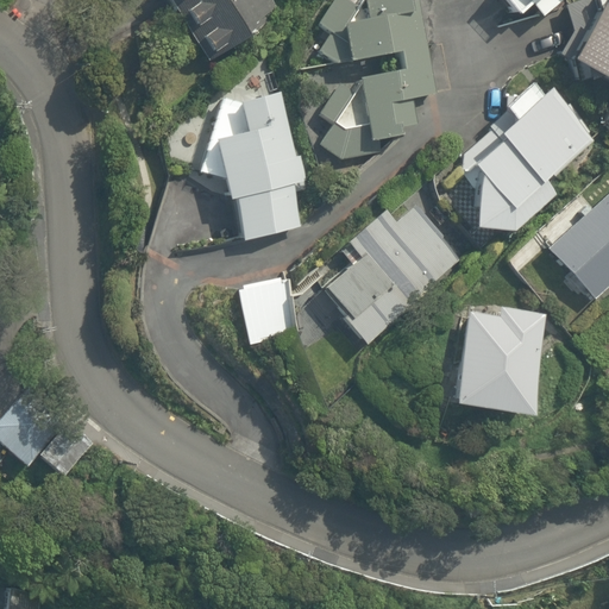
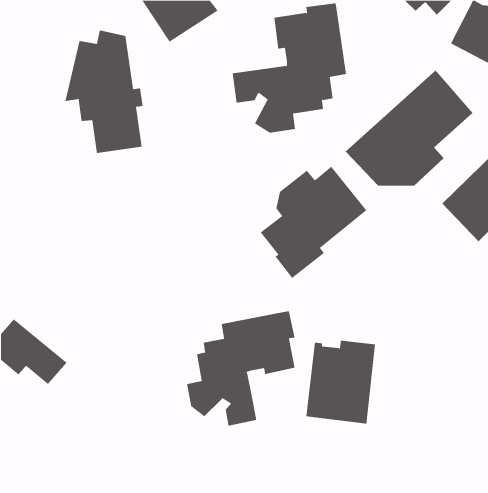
building: [205,86,302,238] -> [64,30,144,153]
building: [239,277,302,343] -> none
building: [457,308,544,412] -> [305,340,376,424]
building: none -> [186,311,295,426]

